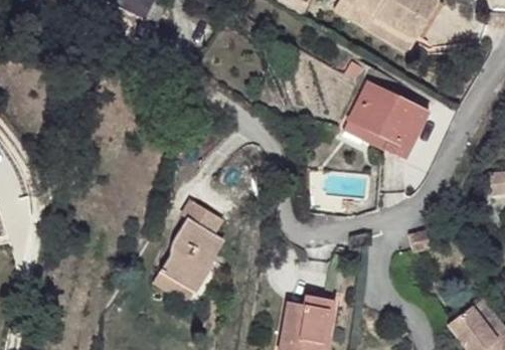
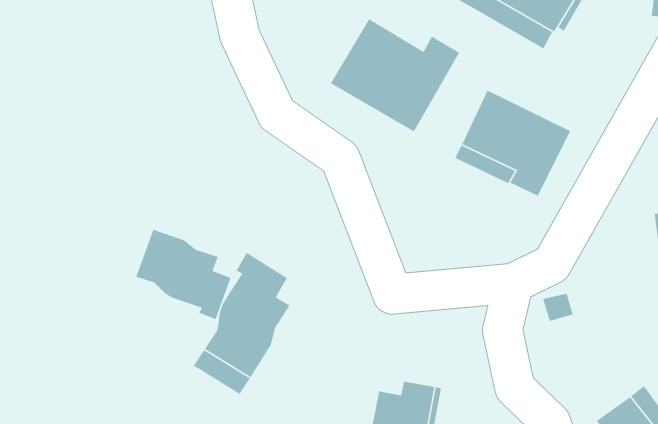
building: none -> [330,18,460,132]
building: none -> [135,229,231,320]

